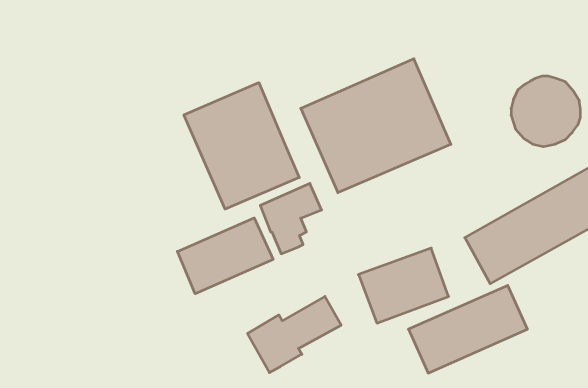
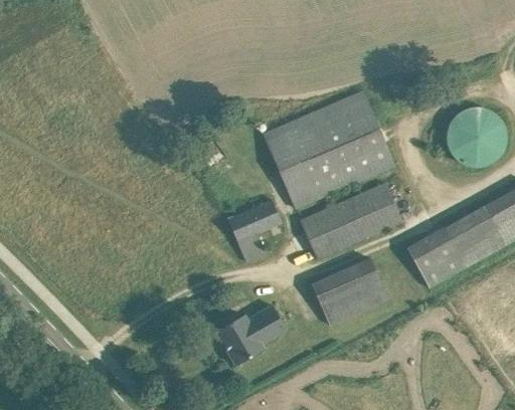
building: [184,83,299,209] -> none
building: [177,218,273,294] -> none
building: [408,285,527,373] -> [301,183,404,259]

